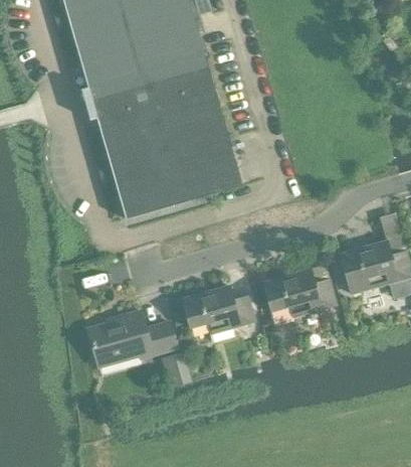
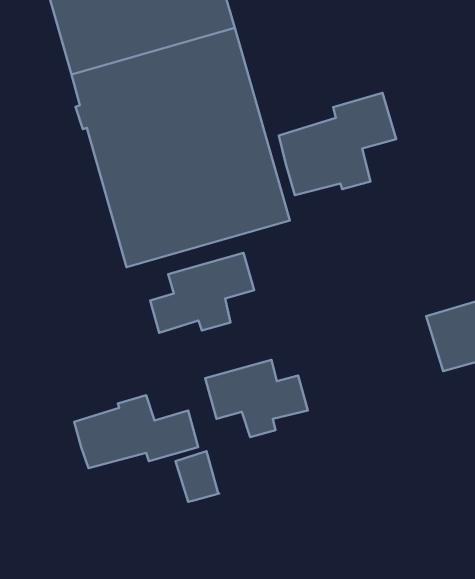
building: none -> [279,93,396,195]
building: none -> [150,253,254,333]
building: [263,269,336,323] -> none

